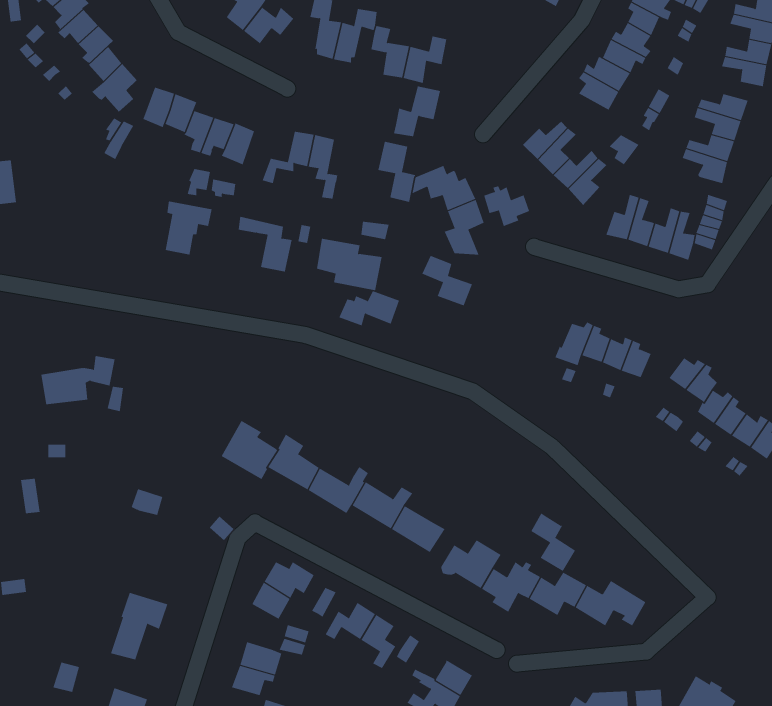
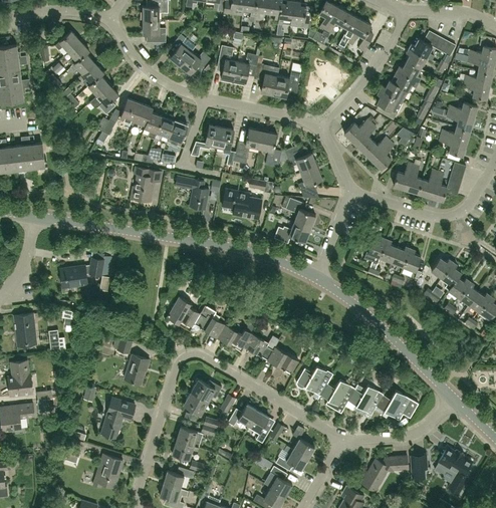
building: [393,86,441,137] -> [235,129,263,159]
building: [483,185,530,227] -> none
building: [338,290,400,326] -> [274,223,310,244]
building: [530,512,576,572] -> none
building: none -> [125,354,151,385]

